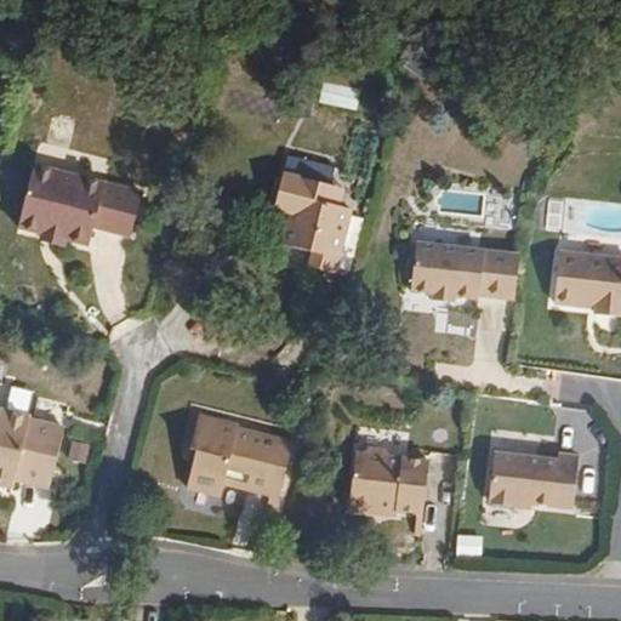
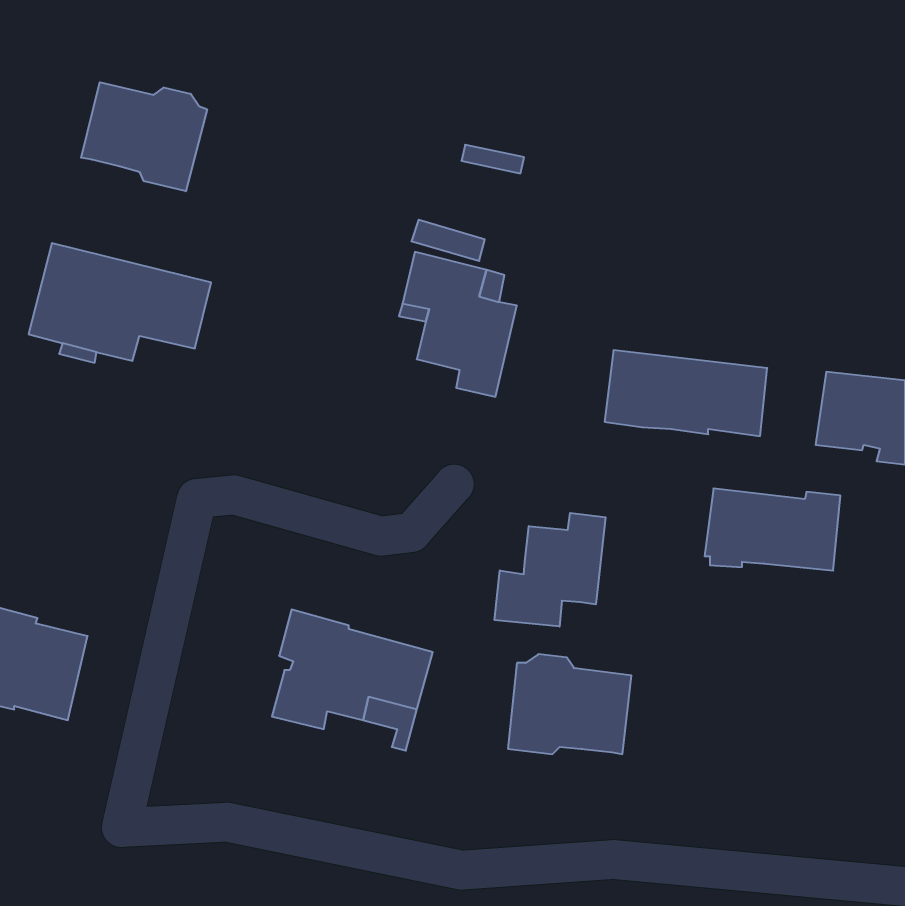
building: none -> [81,82,207,191]
building: none -> [495,513,606,627]
building: [488,449,580,505] -> [705,488,840,571]

